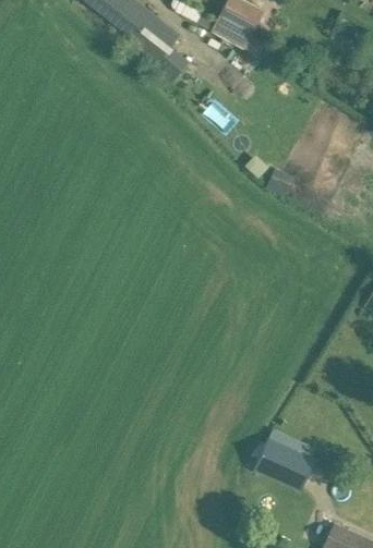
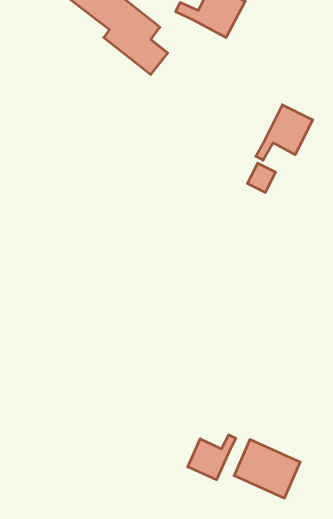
building: none -> [256,105,313,160]
building: none -> [188,435,236,480]

